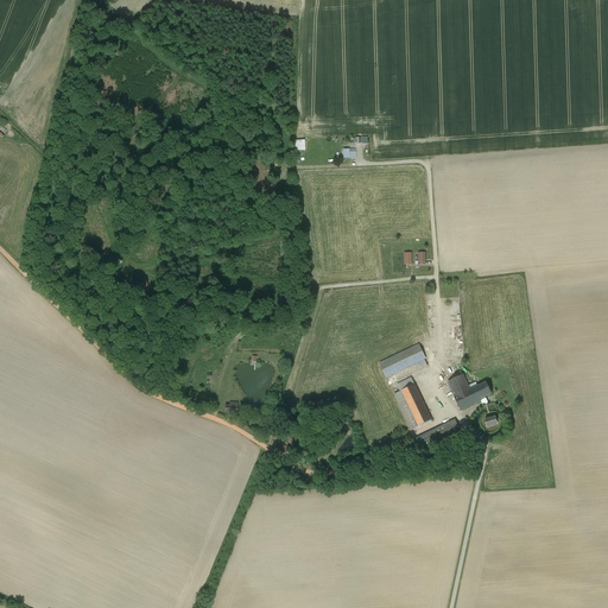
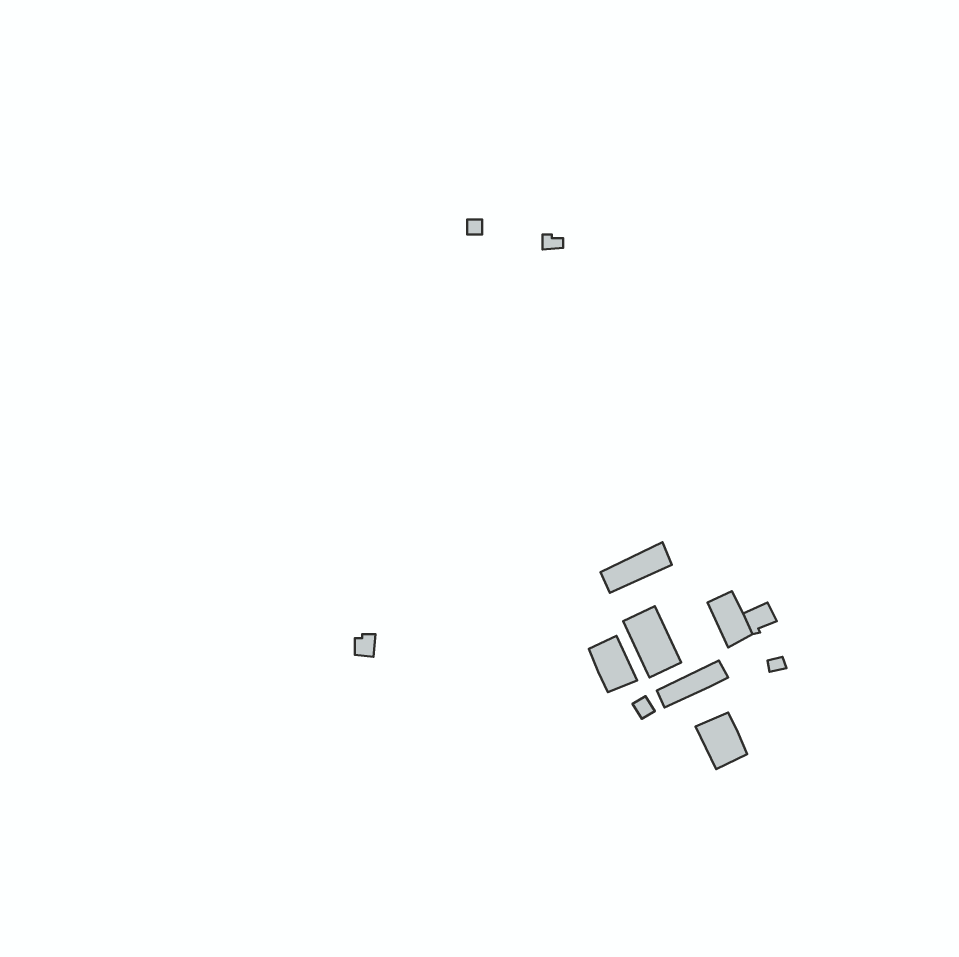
building: none -> [589,636,637,692]
building: none -> [696,713,747,769]

